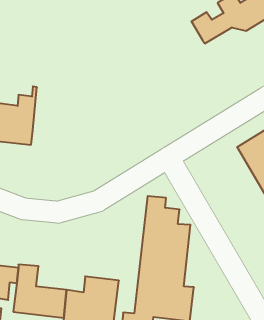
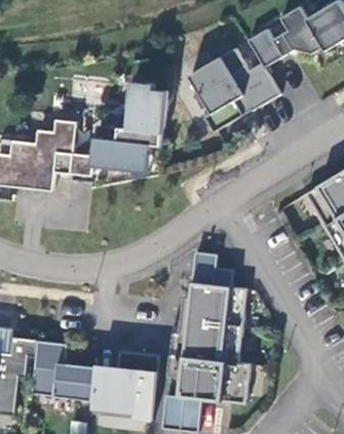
building: none -> [189,48,279,131]
building: none -> [54,81,167,174]

